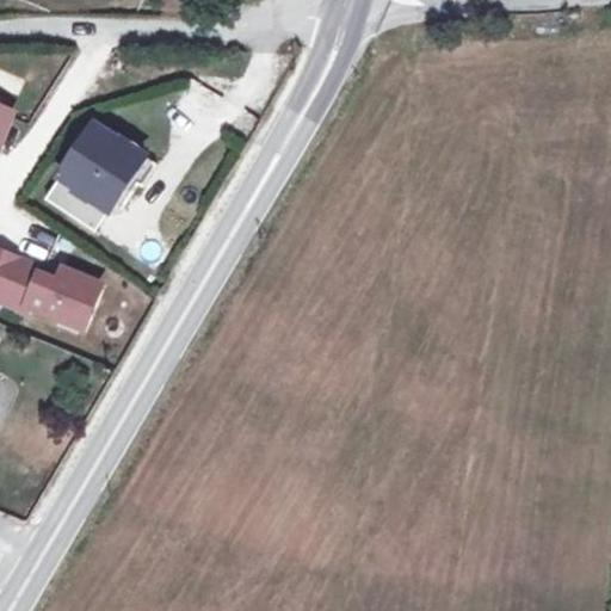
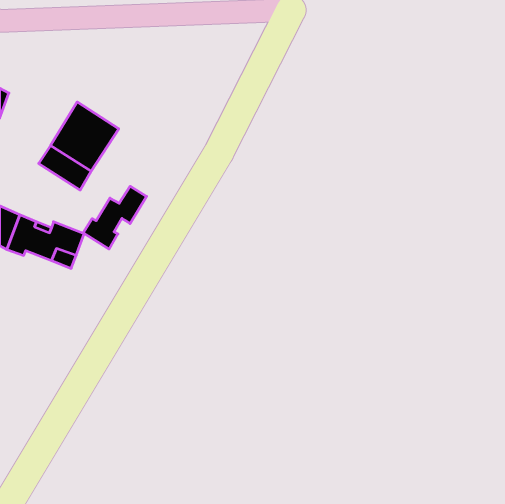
building: none -> [83,186,147,249]

